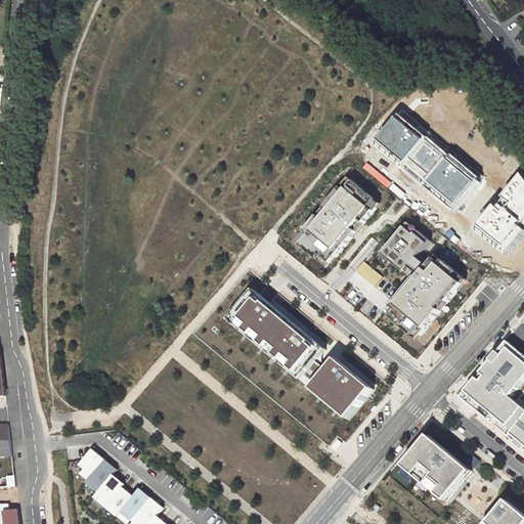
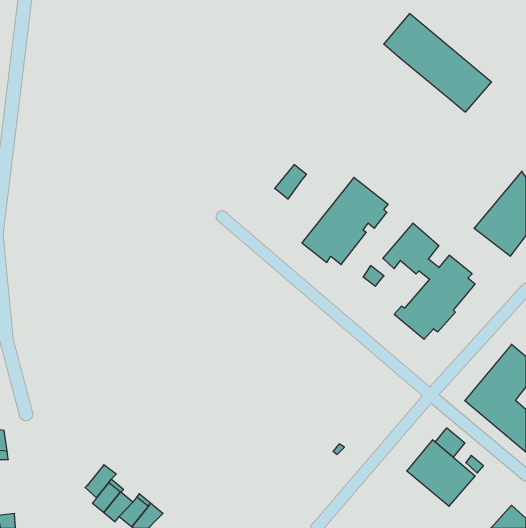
building: [366,110,473,207] -> [384,14,492,112]
building: none -> [275,165,306,199]
building: [223,287,370,418] -> none
building: none -> [435,428,465,457]
building: [76,447,102,479] -> none

